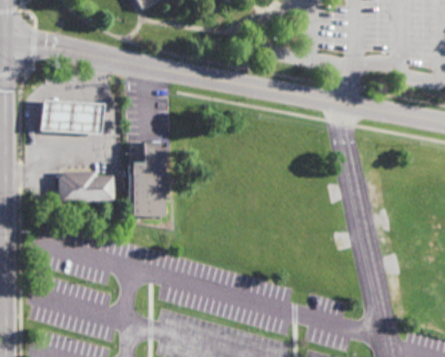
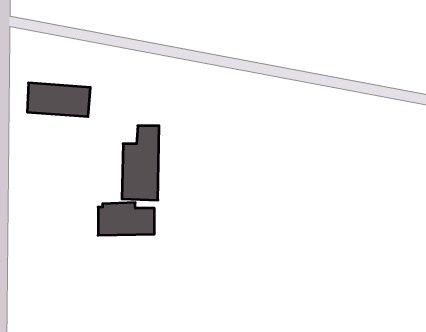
building: [58,171,113,203] -> [98,203,154,235]

